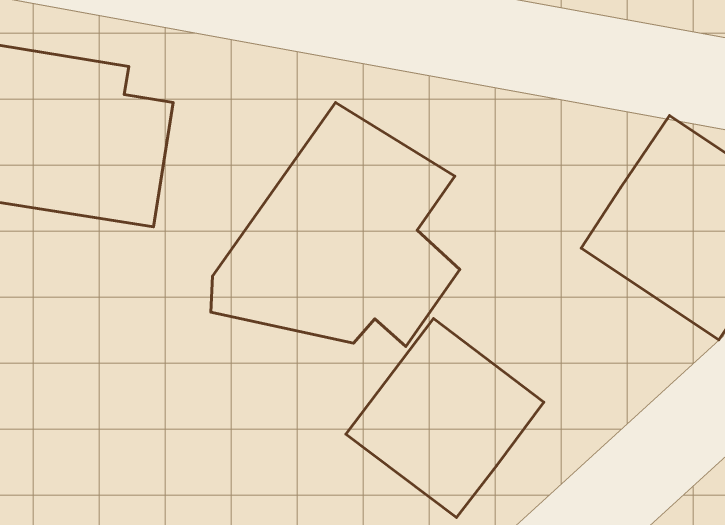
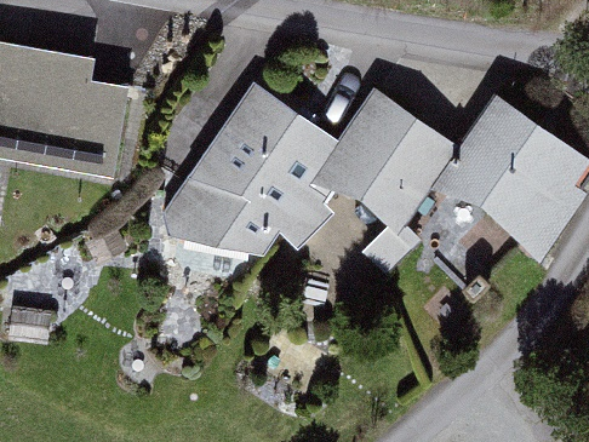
building: none -> [309,87,459,237]
building: [346,319,544,518] -> none

